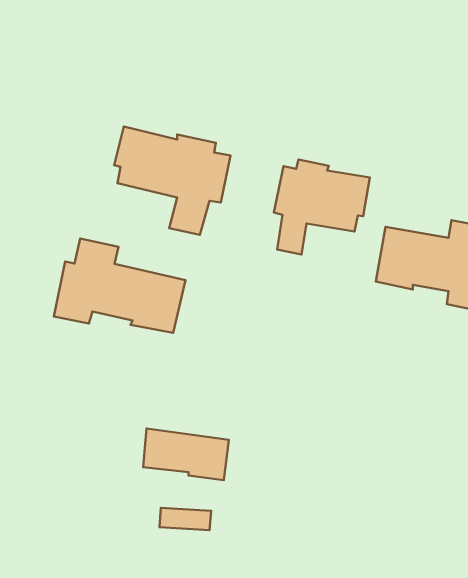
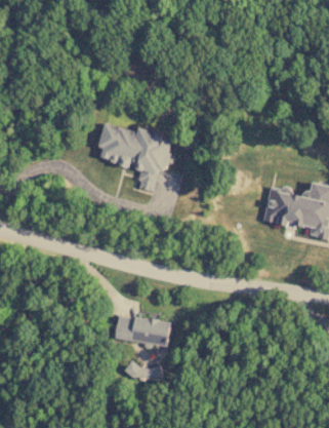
building: [274,160,370,254] -> none
building: [54,238,185,333] -> none

